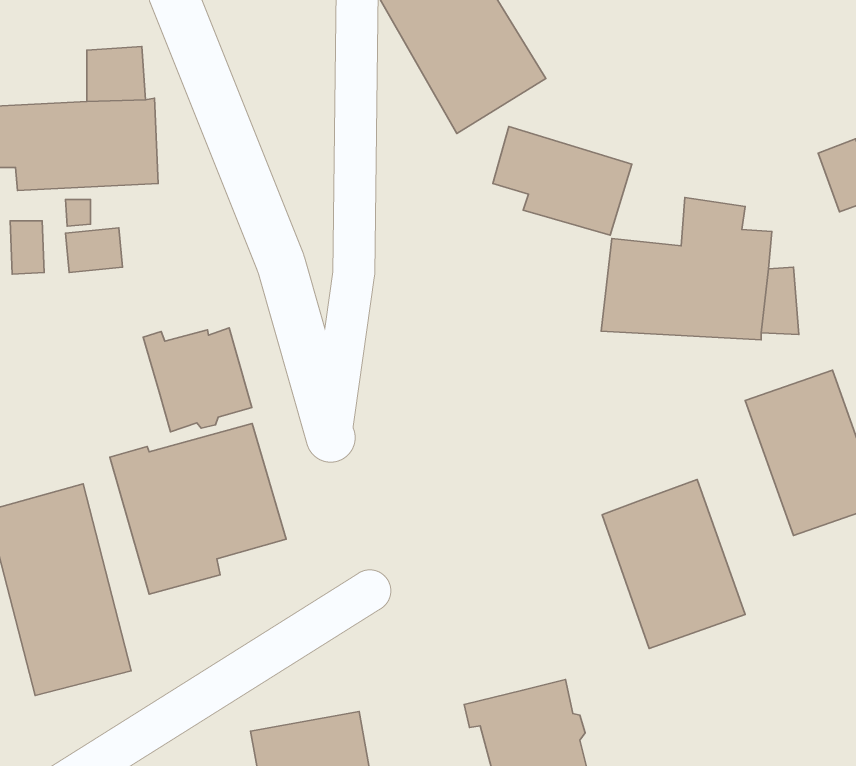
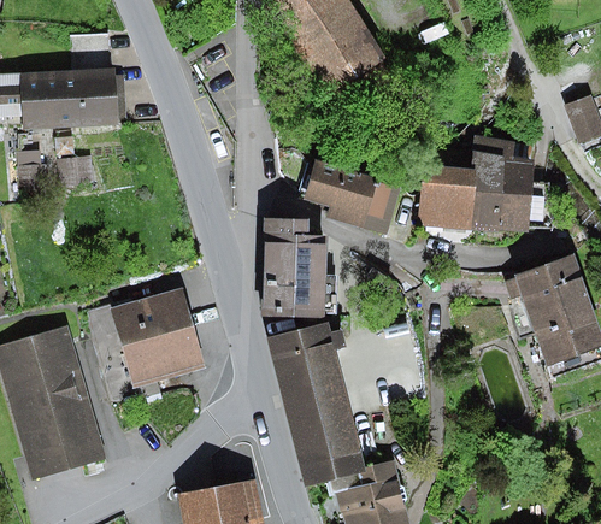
building: [493,127,632,235] -> [306,160,400,234]
building: none -> [263,218,336,317]
building: [143,328,252,432] -> none
building: none -> [267,323,365,483]
building: [602,479,745,648] -> none

